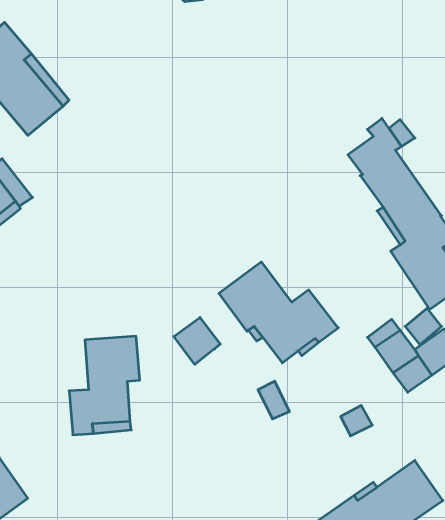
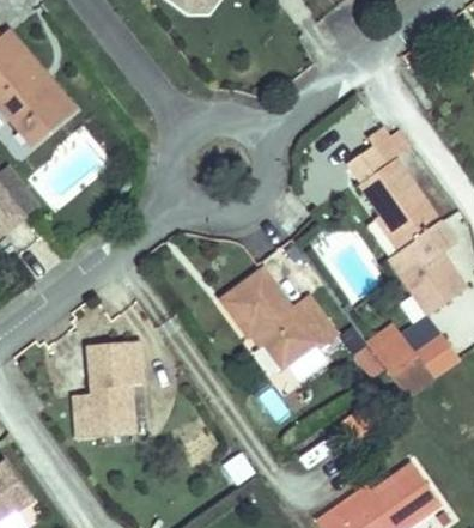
building: [174,317,220,364] -> none

